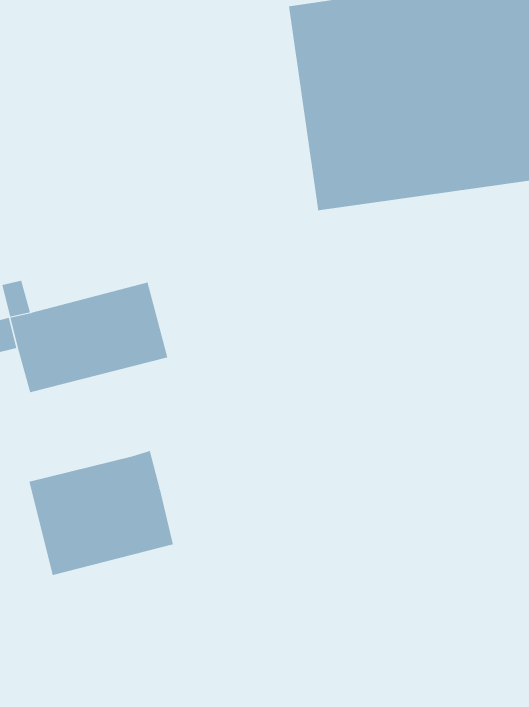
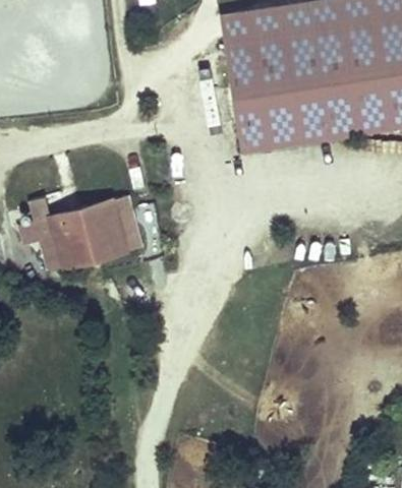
building: [29,450,174,576] -> none

